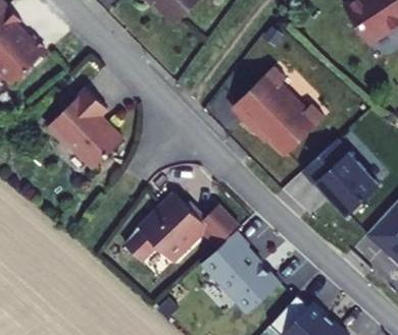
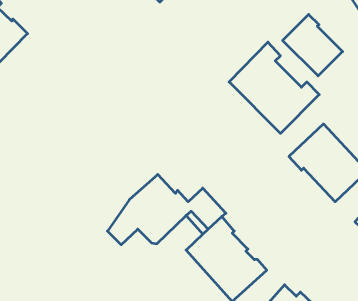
building: none -> [283,14,343,76]
building: [46,90,122,170] -> none

